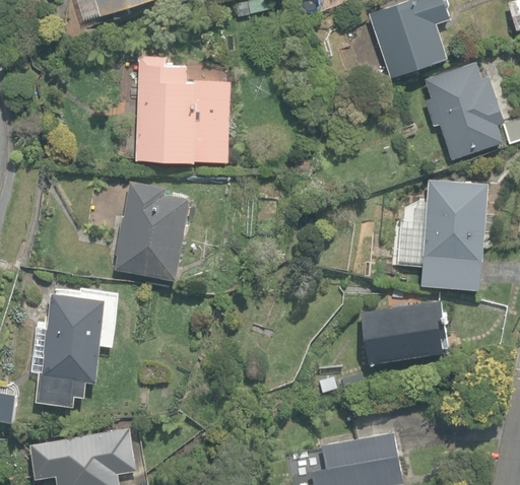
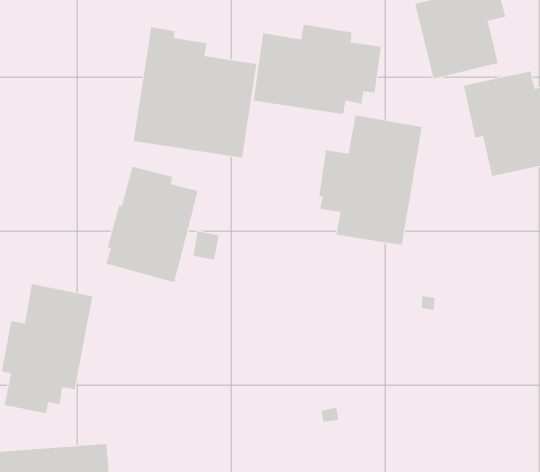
building: none -> [253,24,382,115]
building: [400,179,486,290] -> [318,115,423,246]
building: [359,299,445,364] -> none

